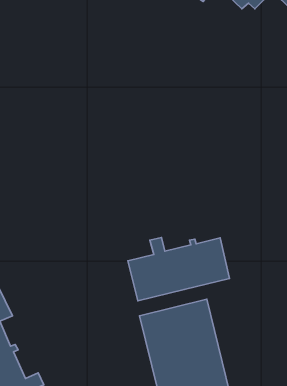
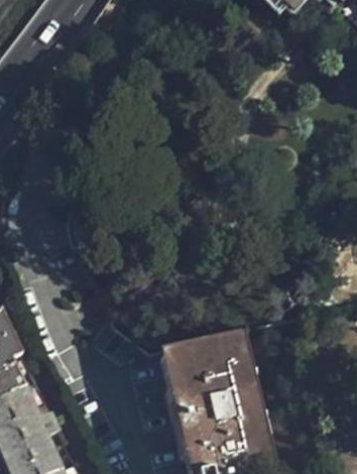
building: [128,237,230,301] -> none

